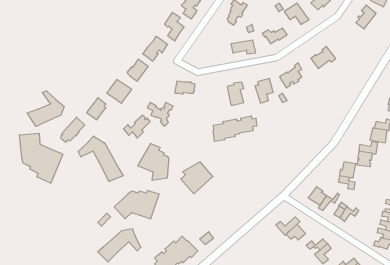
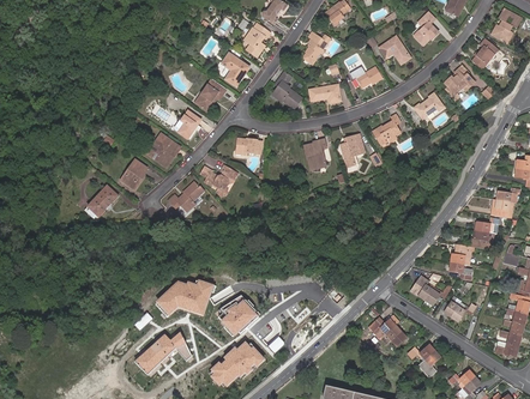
building: none -> [444,66,475,101]
building: none -> [271,71,302,108]
building: [27,91,64,126] -> none
building: [213,116,257,141] -> none
building: [19,133,63,183] -> none
building: [78,136,123,182] -> none
building: [138,143,169,180] -> none
building: [181,162,213,194] -> [217,295,259,337]

